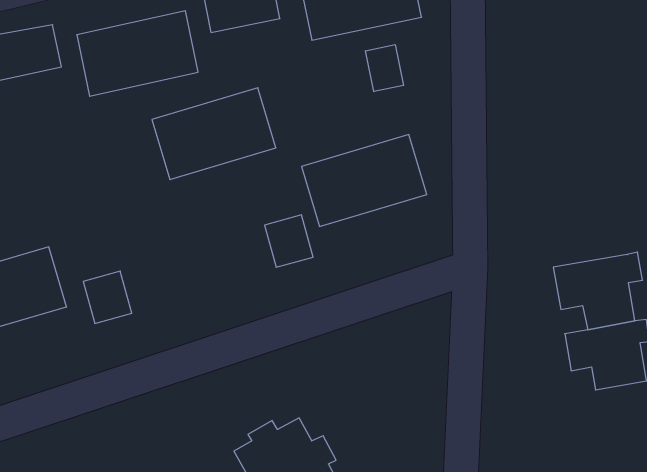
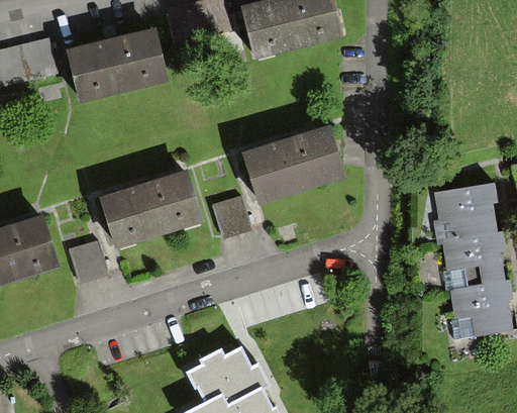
building: [365,45,404,92] -> none
building: [152,88,276,180] -> [102,174,200,246]
building: none -> [433,176,502,234]

